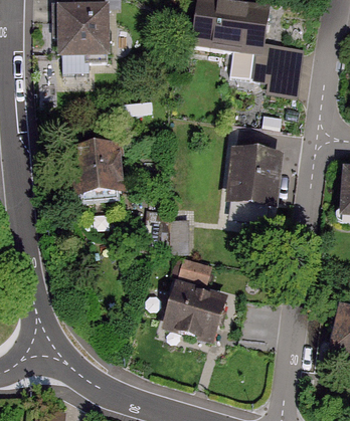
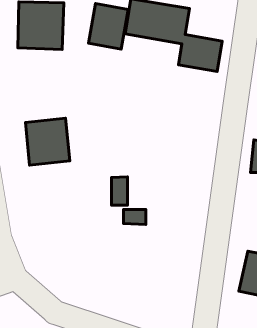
building: none -> [89,4,128,49]
building: [223,150,275,210] -> none
building: [159,283,223,342] -> none

